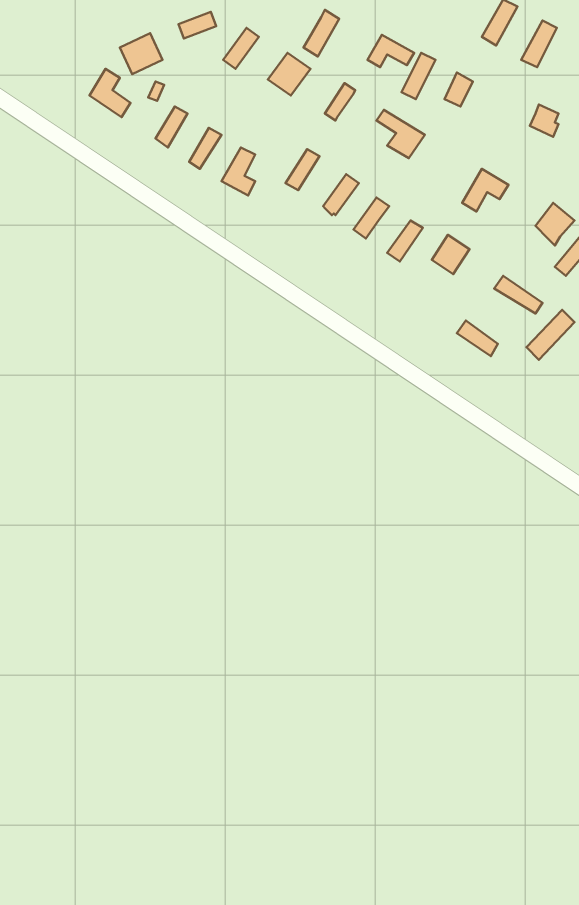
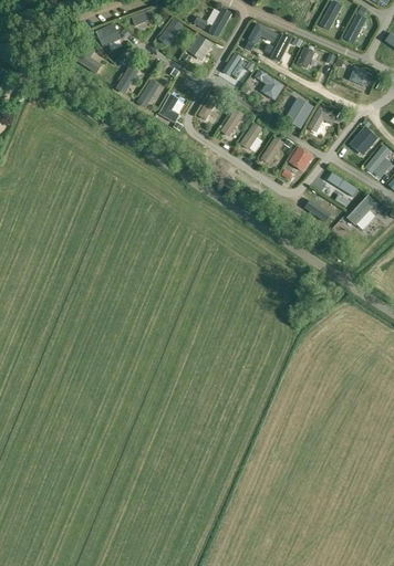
building: none -> [286,97,314,128]

